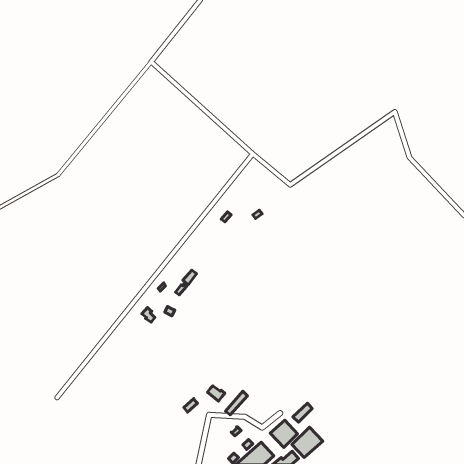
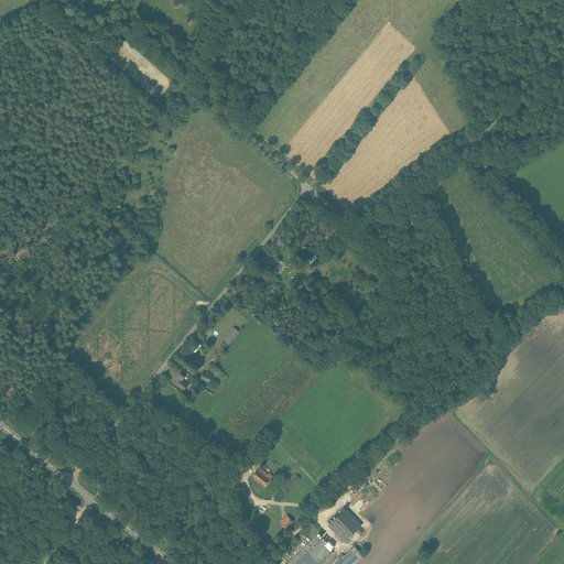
building: [292,427,323,458] -> none

